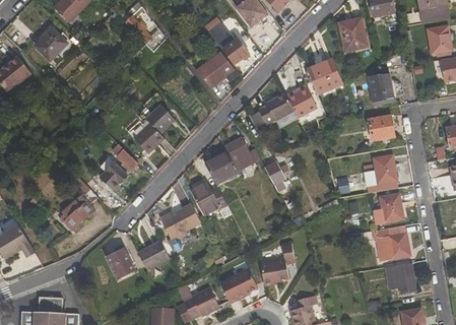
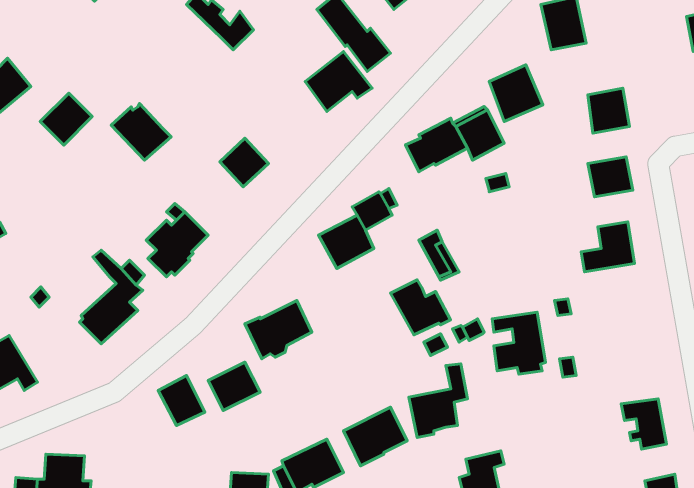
building: [34,28,65,60] -> [40,93,92,145]
building: [127,119,164,153] -> [111,103,171,160]
building: [190,182,226,215] -> [390,280,451,335]
building: [380,194,403,222] -> none
building: [376,225,408,263] -> [492,312,546,374]

